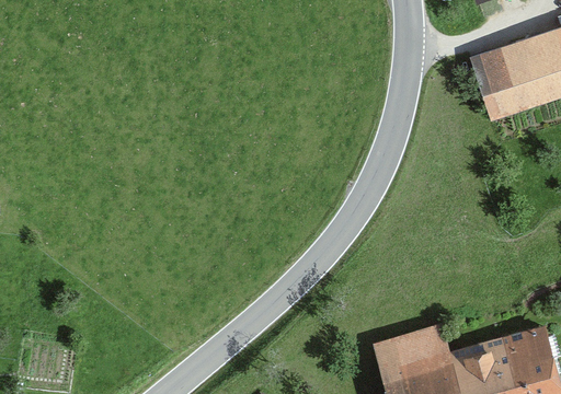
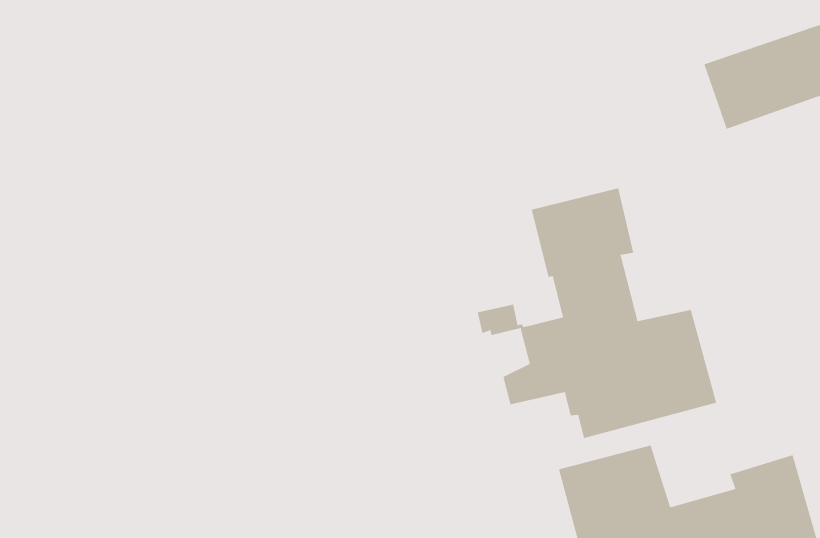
building: none -> [477,188,717,439]

